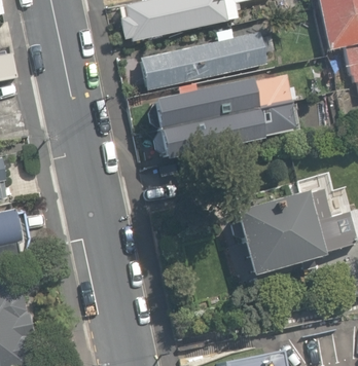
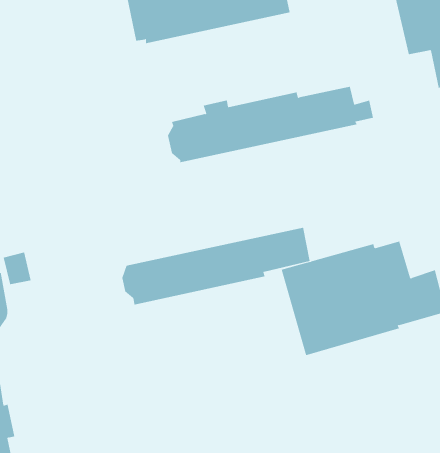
building: [141,27,278,88] -> none
building: [154,102,296,160] -> [122,227,311,305]

